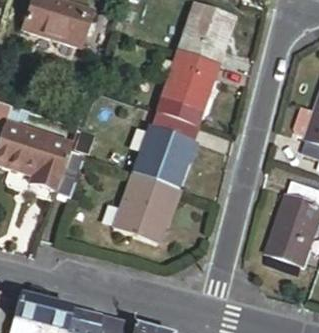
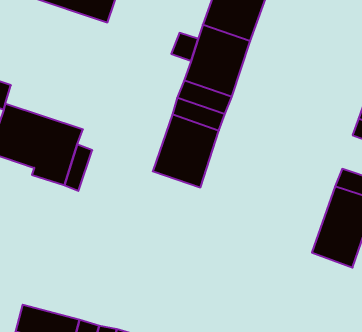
building: [113,178,174,247] -> none

